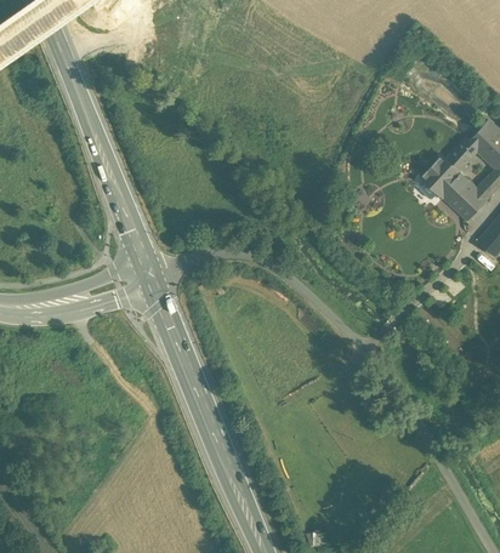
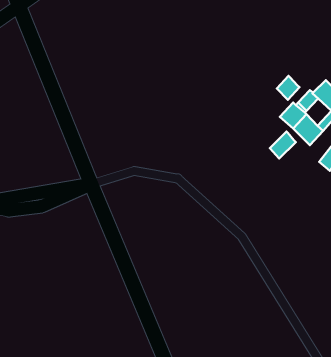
building: none -> [277,76,300,100]
building: none -> [270,132,296,159]

